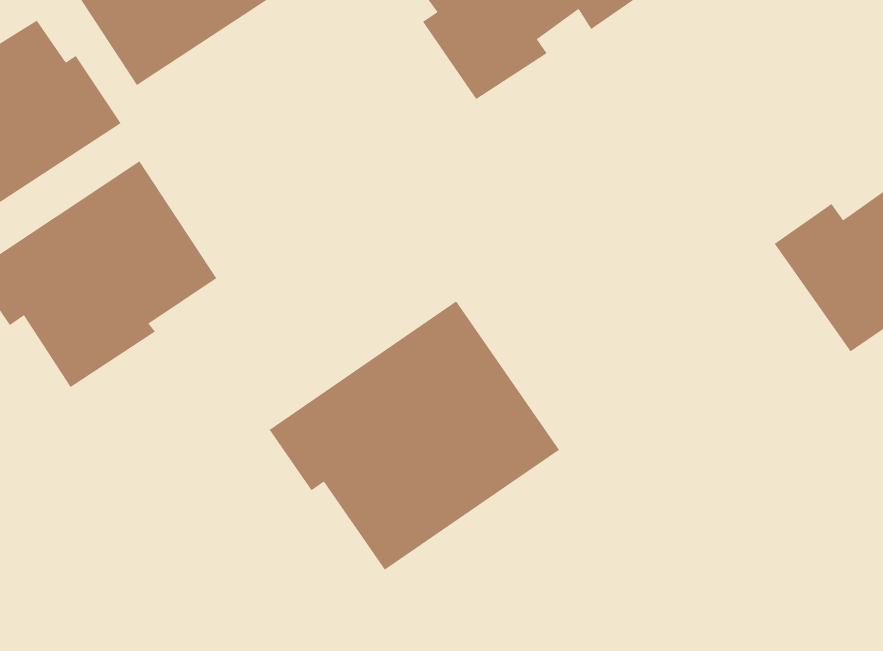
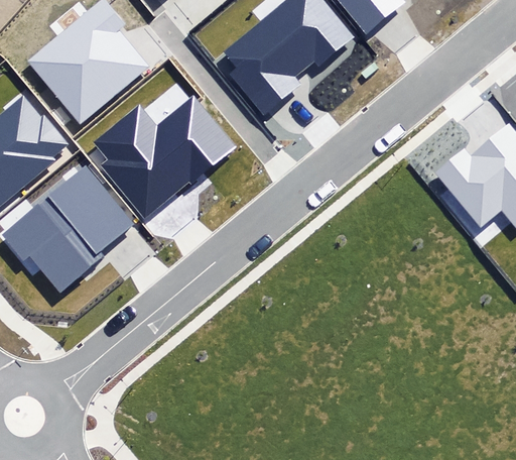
building: none -> [89,94,236,220]
building: [269,300,560,571] -> none

